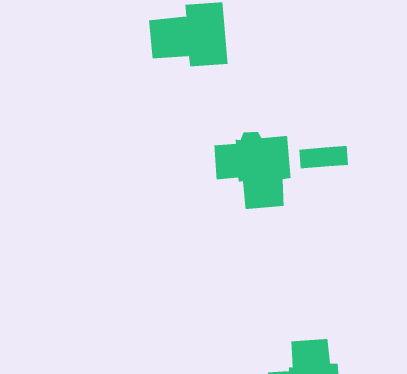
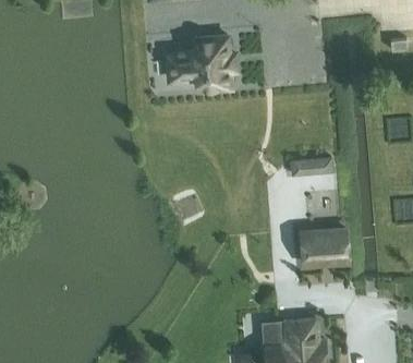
building: [214,131,291,210] -> none
building: none -> [301,228,347,264]

